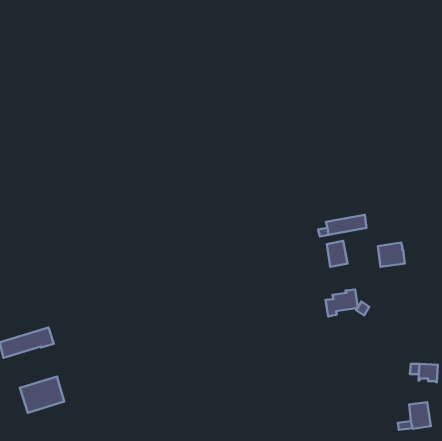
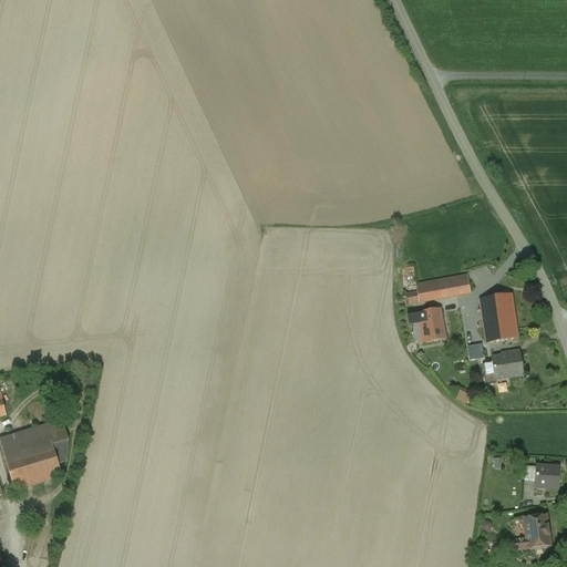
building: none -> [481,293,515,315]
building: [326,290,358,316] -> [483,350,524,384]
building: [20,376,64,413] -> [6,443,62,489]

